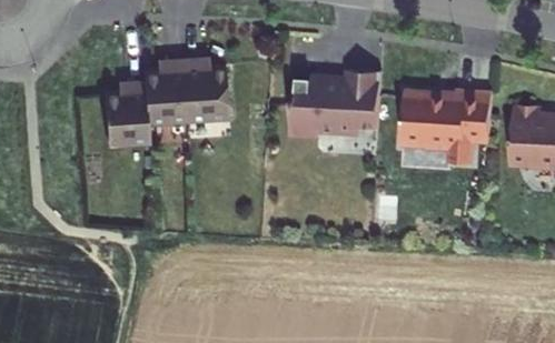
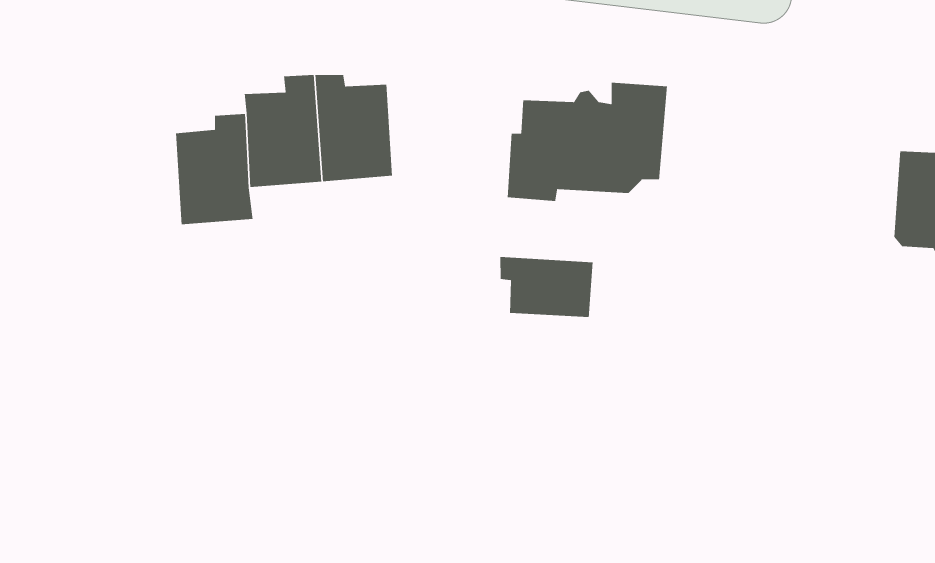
building: [398,90,490,164] -> none
building: none -> [499,256,593,318]

